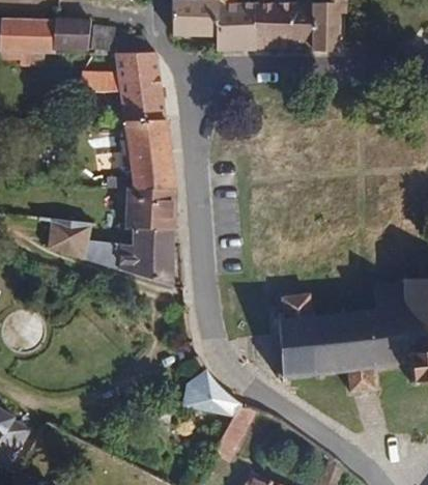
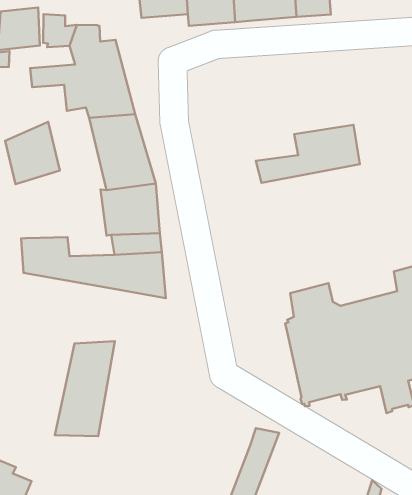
building: none -> [5,122,60,184]
building: none -> [256,125,360,183]
building: none -> [55,341,115,436]
building: [182,371,237,417] -> none

